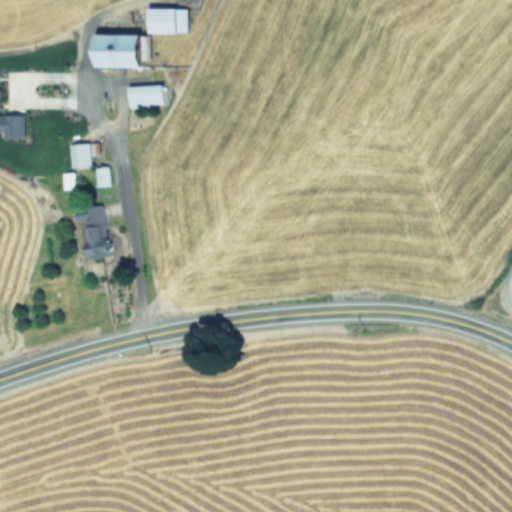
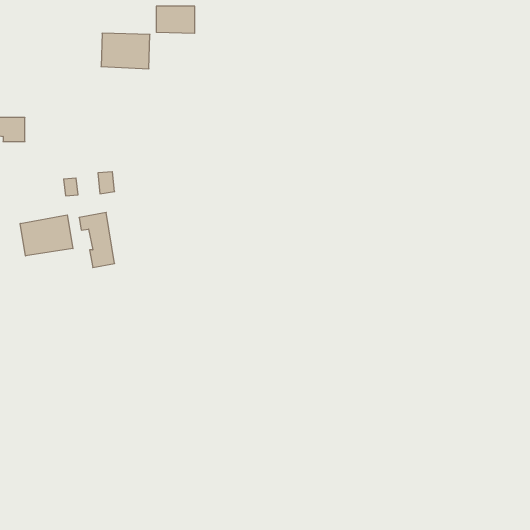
building: [127,85,164,107] -> none
building: [68,143,91,169] -> none
building: none -> [20,215,73,256]

